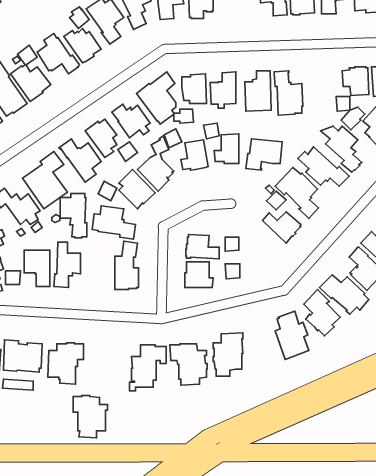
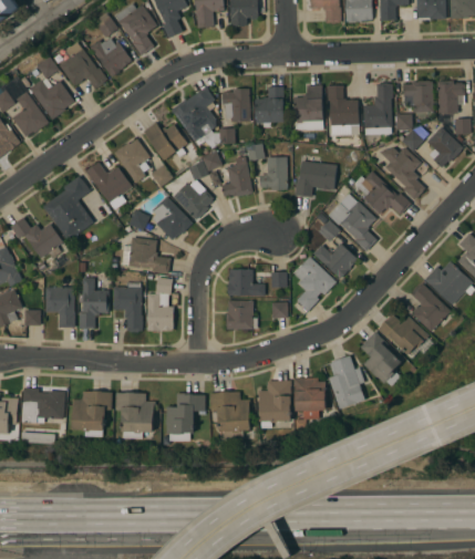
building: none -> [363,83,393,134]
building: [60,193,87,238] -> [113,282,143,332]
building: none -> [293,257,337,311]
building: none -> [293,377,328,429]
building: [73,395,107,438] -> [116,392,155,439]

